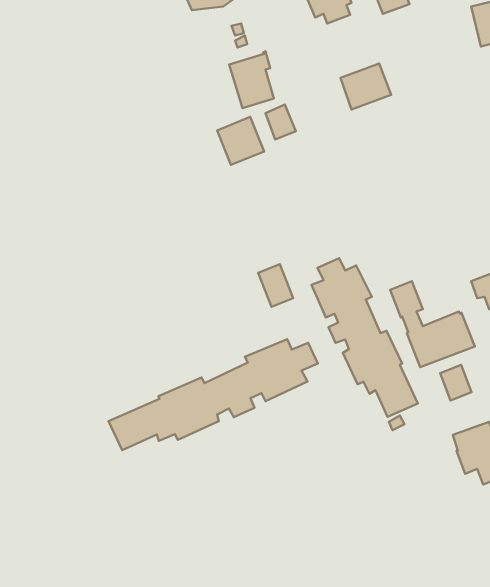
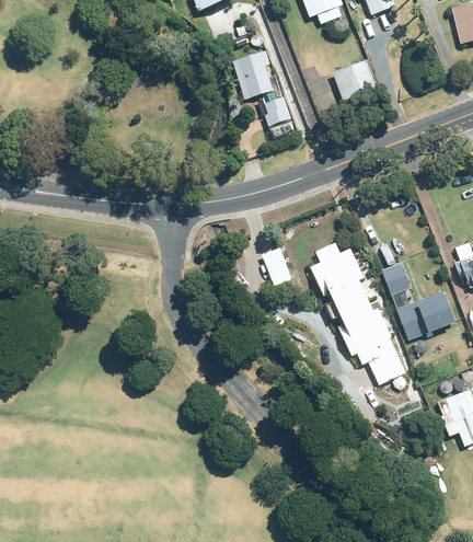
building: [217,117,264,165] -> none
building: [109,339,318,450] -> none
building: [440,365,472,400] -> none

